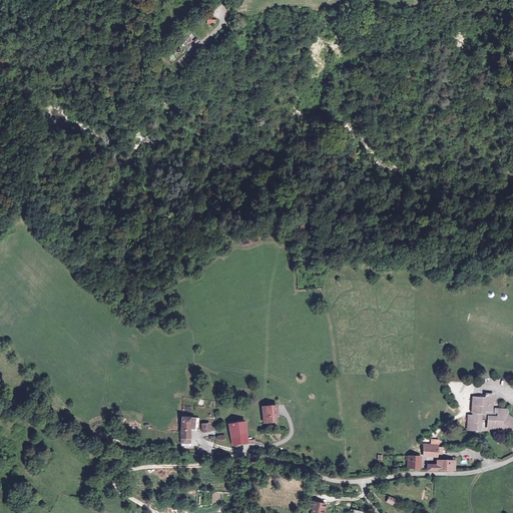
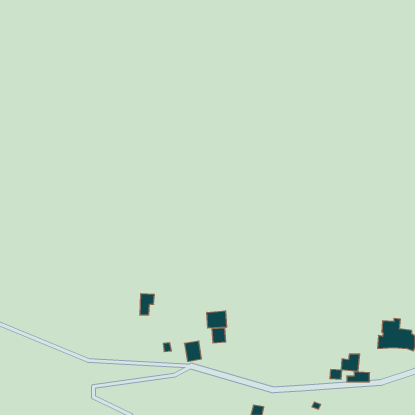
building: none -> [207,311,226,328]
building: [180,416,198,442] -> [140,294,154,315]

